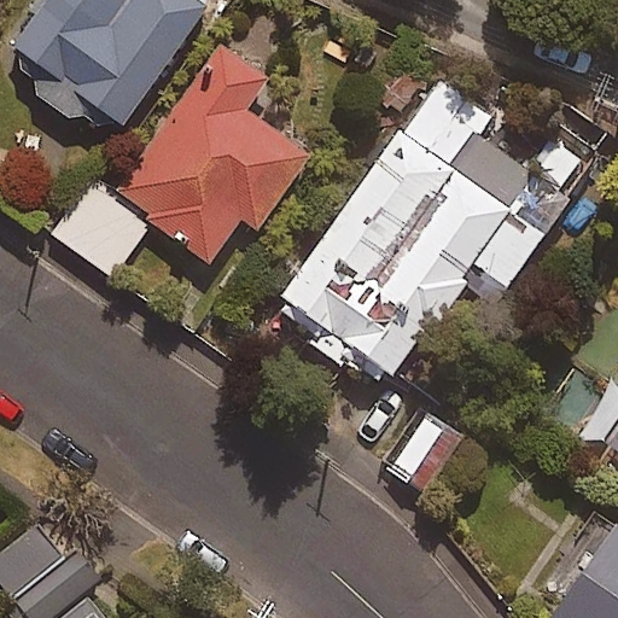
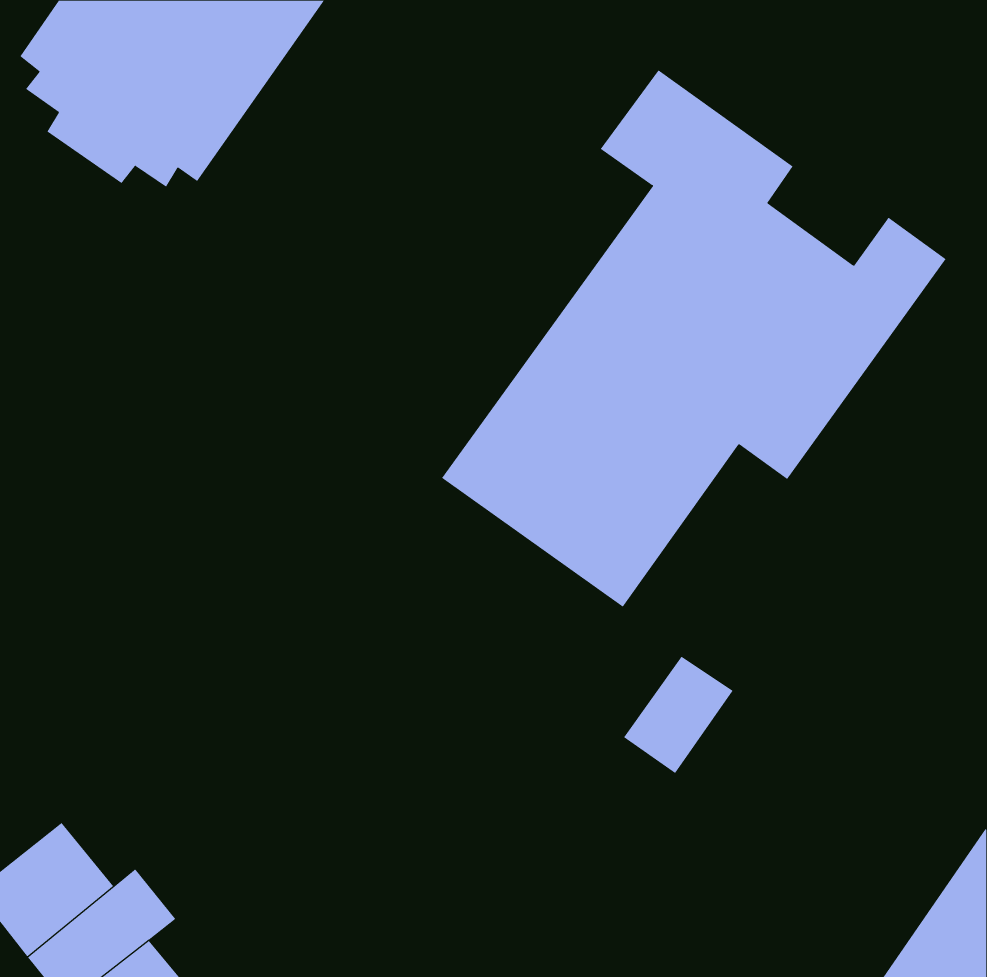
building: [53,43,309,280] -> none

